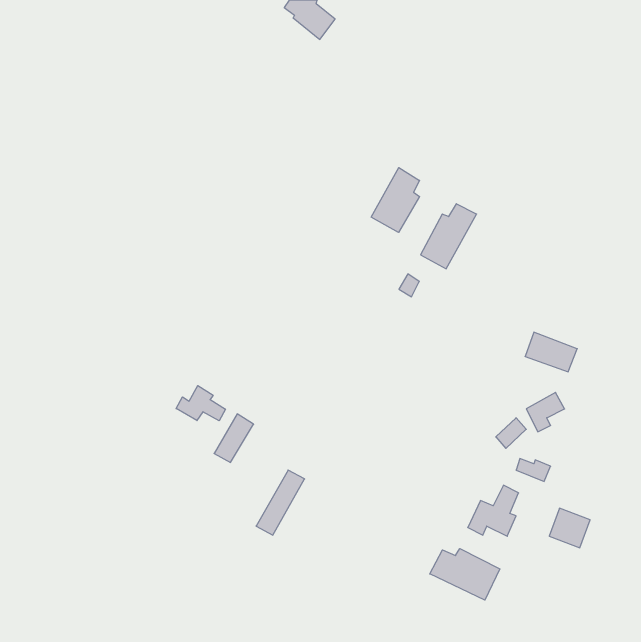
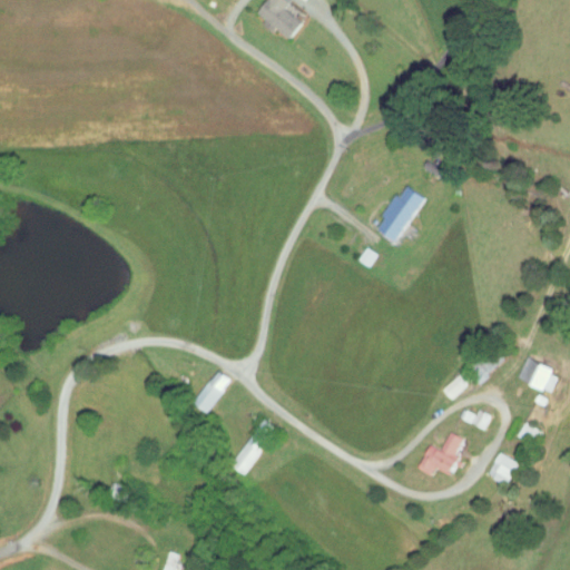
building: [371,168,420,232] -> none
building: [525,332,577,372] -> [517,357,562,392]
building: [176,386,225,421] -> none
building: [430,549,500,600] -> none

